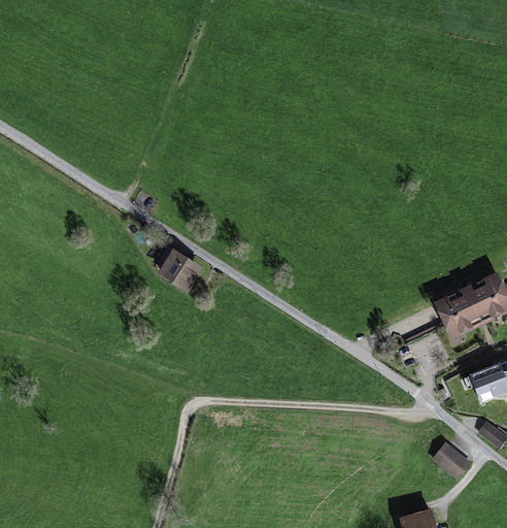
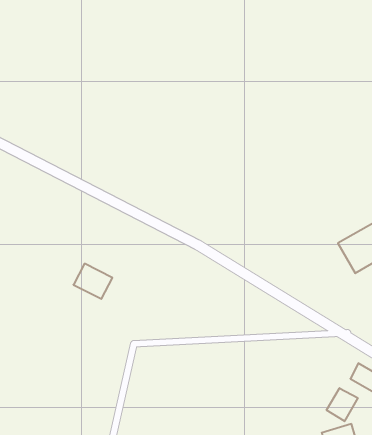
building: [156,249,200,290] -> [73,264,112,299]
building: none -> [327,388,358,421]

